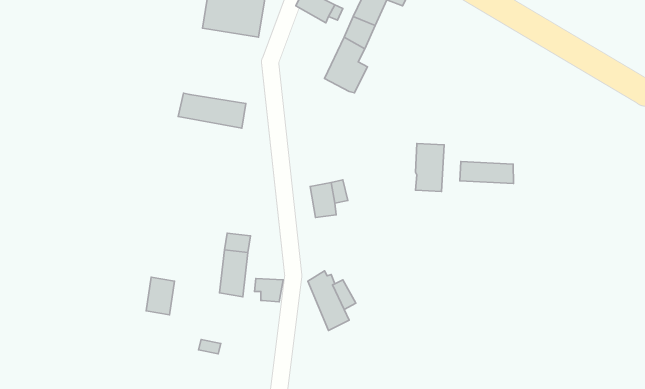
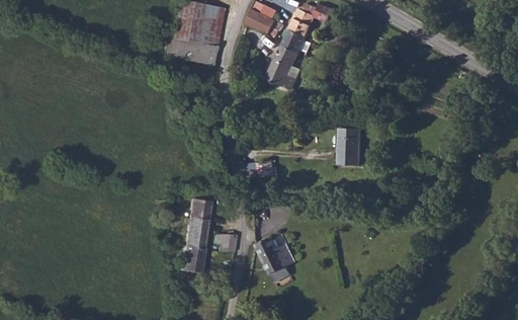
building: [178,93,246,128] -> [163,36,215,64]
building: [460,162,514,183] -> none
building: [146,277,175,315] -> [181,244,203,273]

